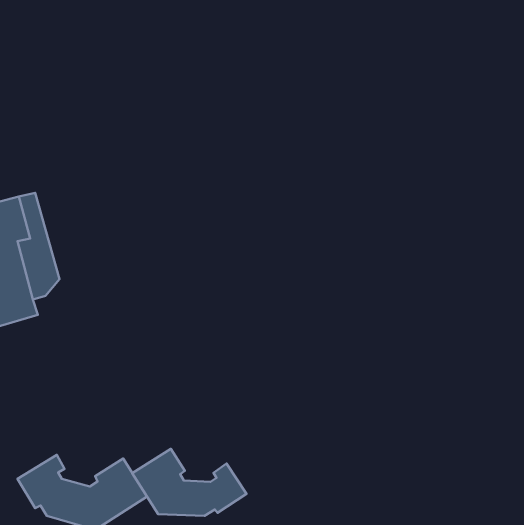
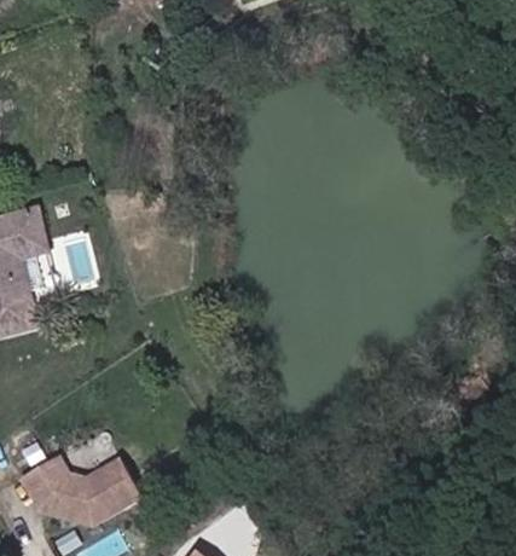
building: [132,449,247,516] -> none

